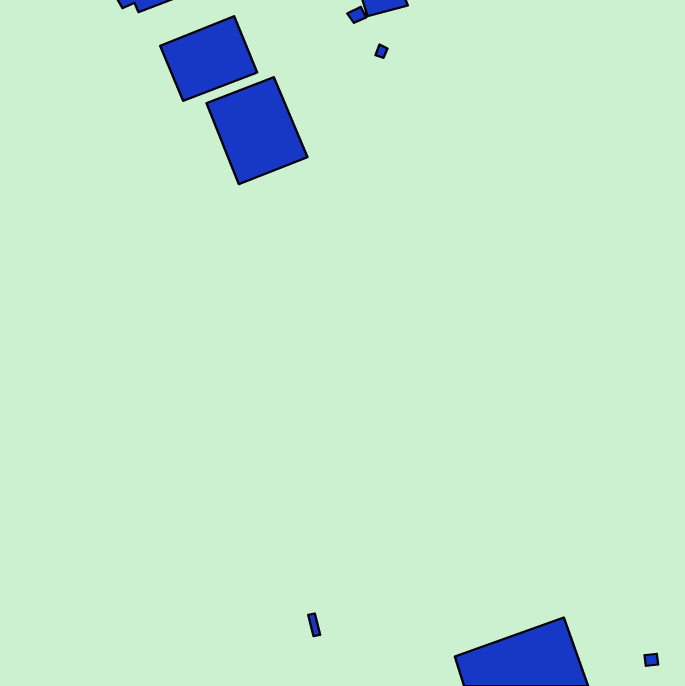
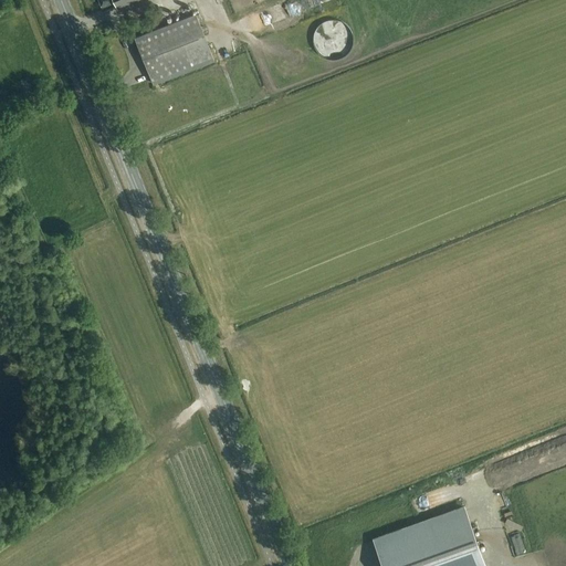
building: none -> [318,27,344,55]
building: [207,77,307,184] -> none

